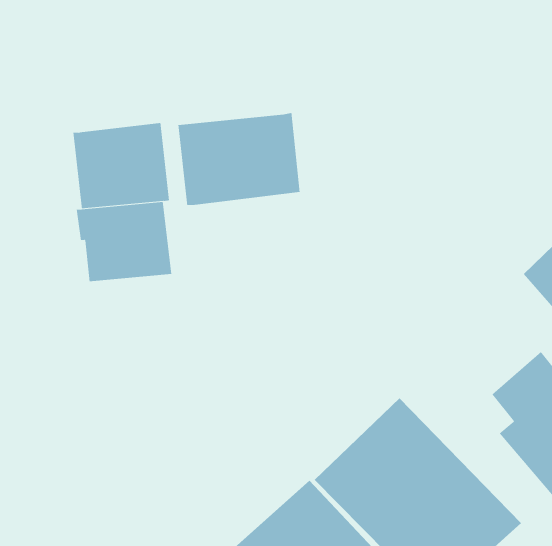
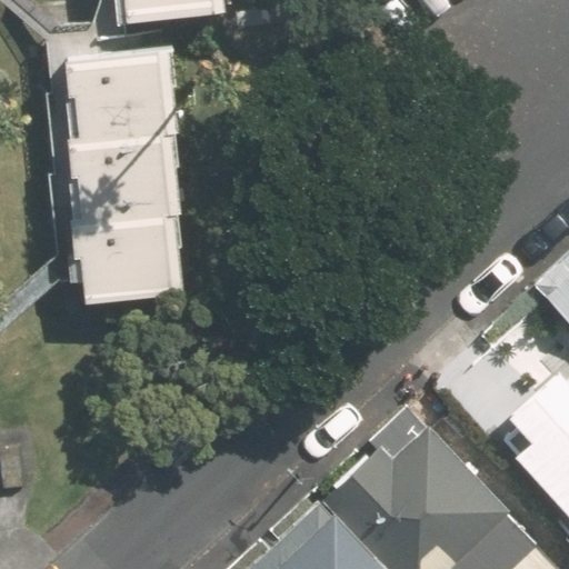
building: none -> [74,53,170,143]
building: [178,112,300,206] -> none

